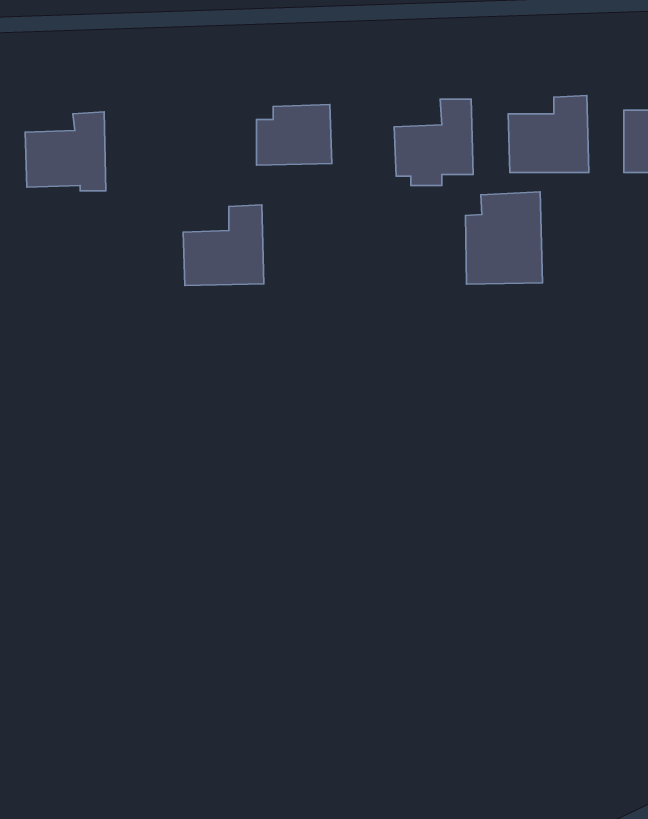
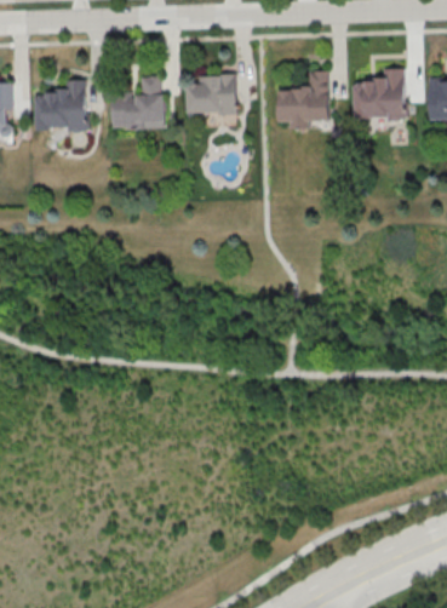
building: [465,192,542,284] -> none
building: [183,205,264,286] -> [110,75,164,128]

